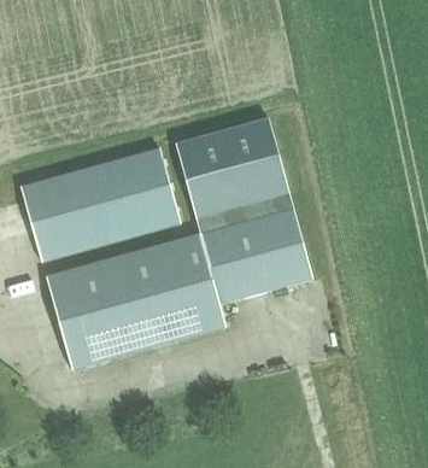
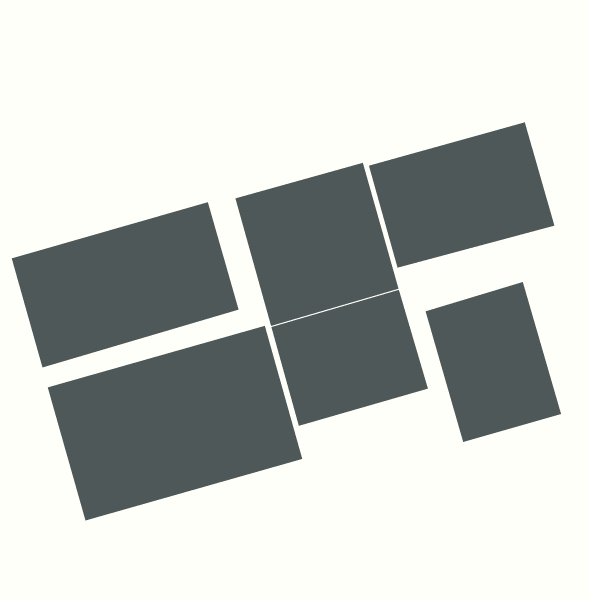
building: none -> [368,121,555,269]
building: none -> [425,281,562,443]

